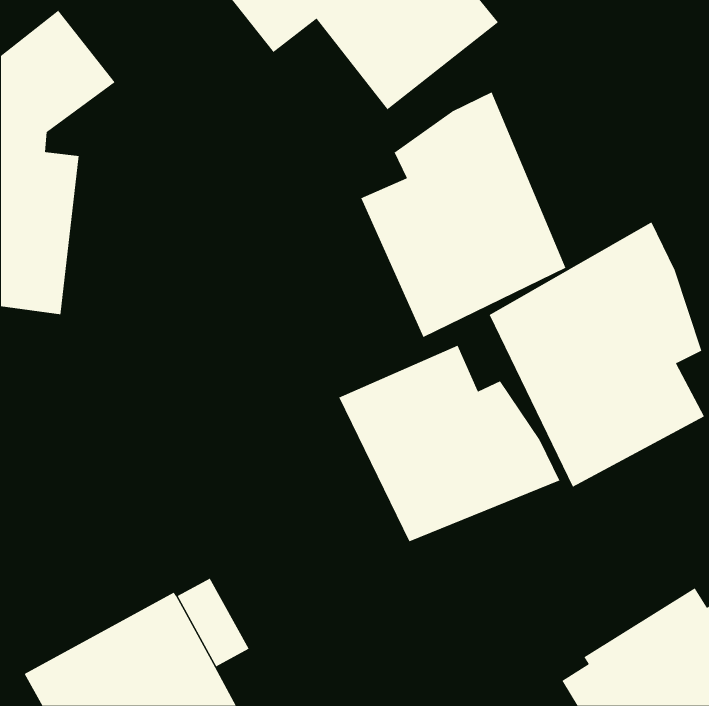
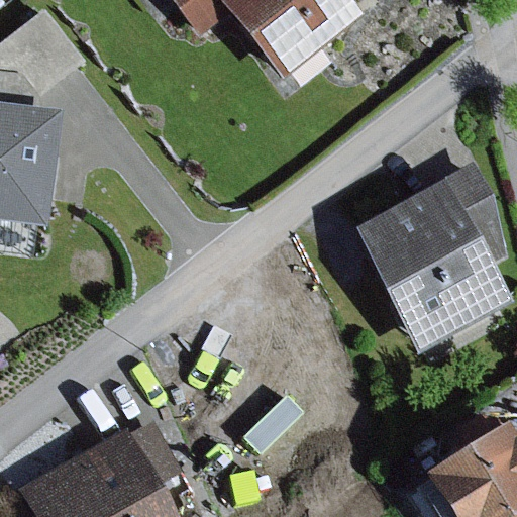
building: [361,91,566,338] -> none
building: [338,345,560,542] -> none

